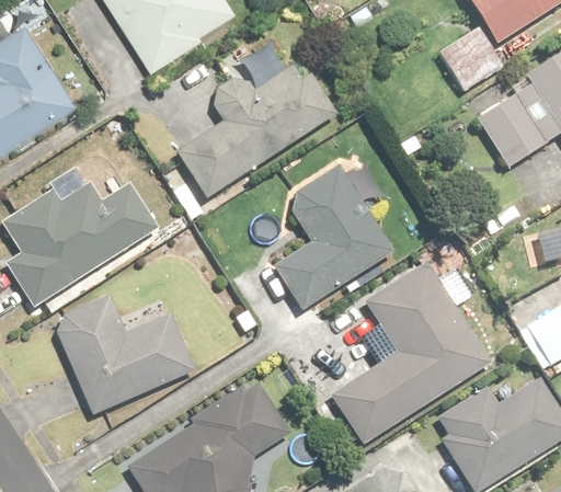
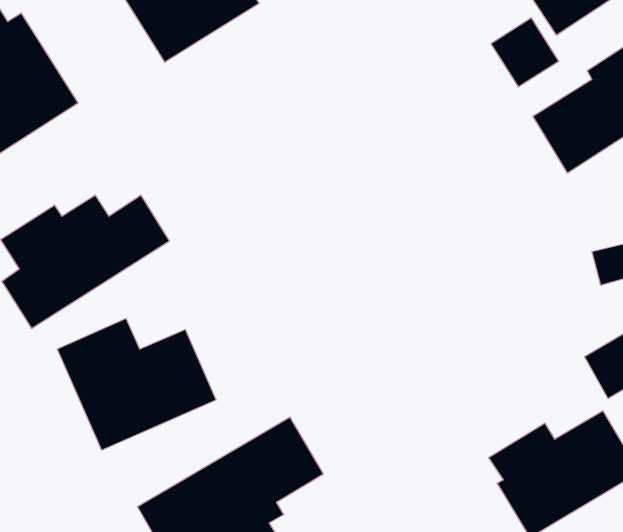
building: [178,53,333,196] -> none
building: [274,167,390,310] -> none
building: [331,265,486,443] -> none

